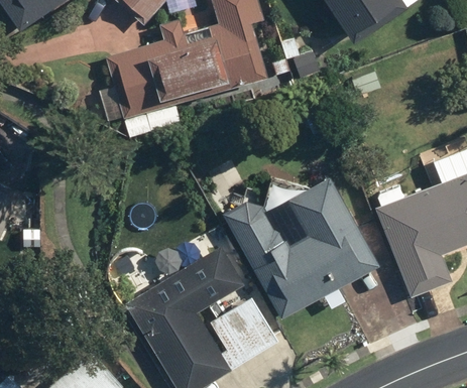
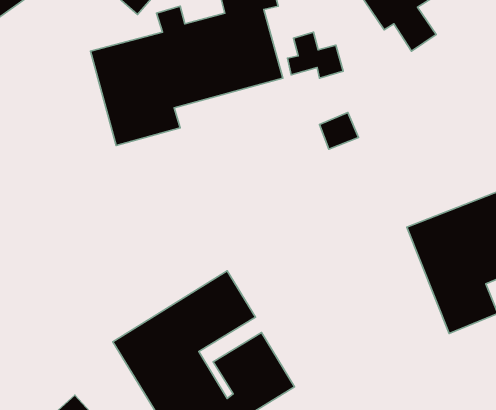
building: [222,173,380,318] -> none

